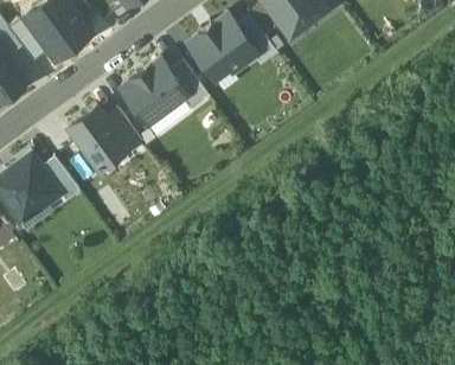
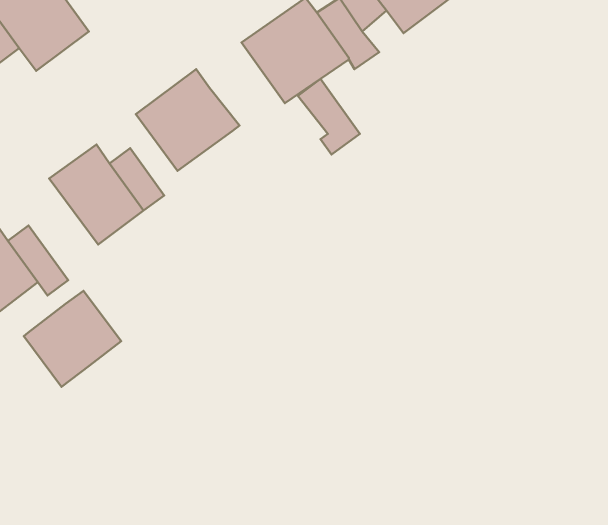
building: [167,62,206,109] -> [298,79,360,154]
building: none -> [24,291,121,387]

